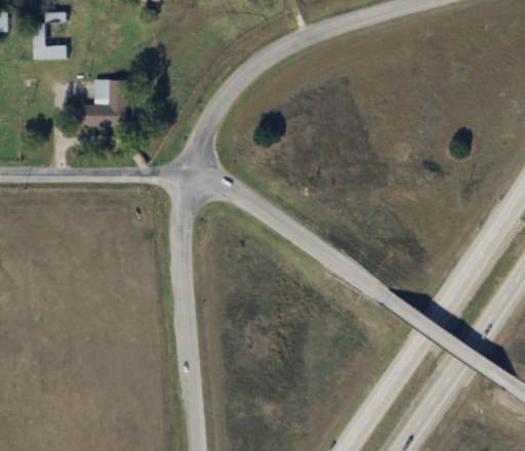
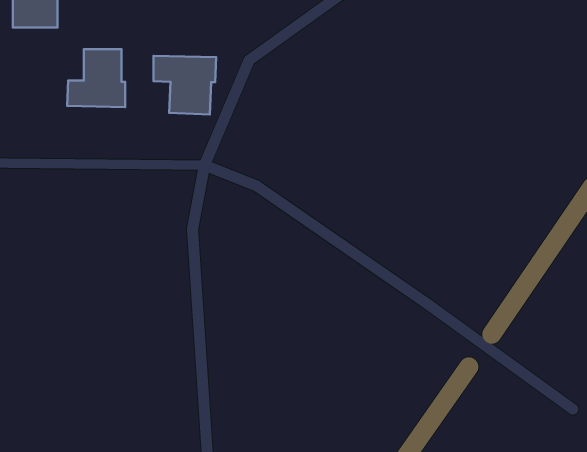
building: none -> [153,56,216,114]

